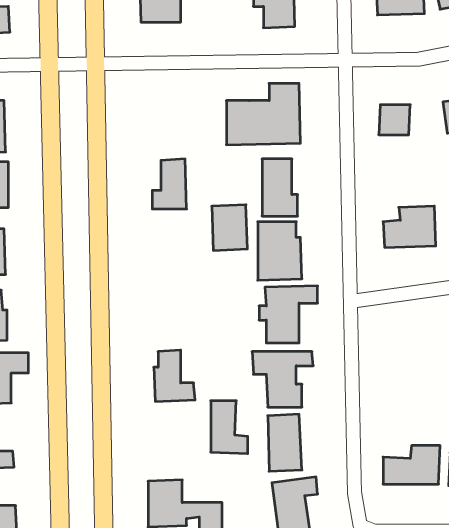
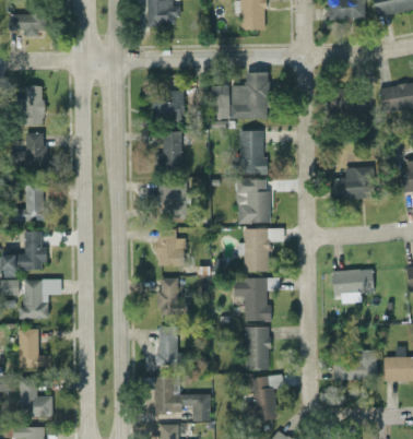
building: none -> [152,92,185,120]
building: [212,205,247,250] -> [160,182,187,217]
building: none -> [156,229,185,265]
building: none -> [332,269,374,302]
building: [211,401,248,454] -> [157,325,186,366]

